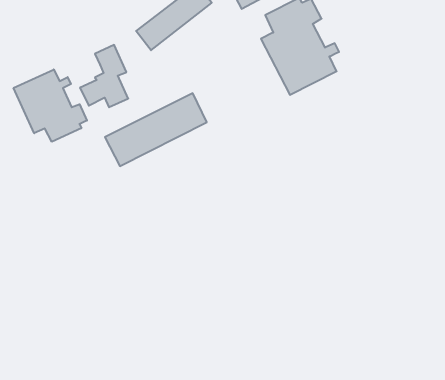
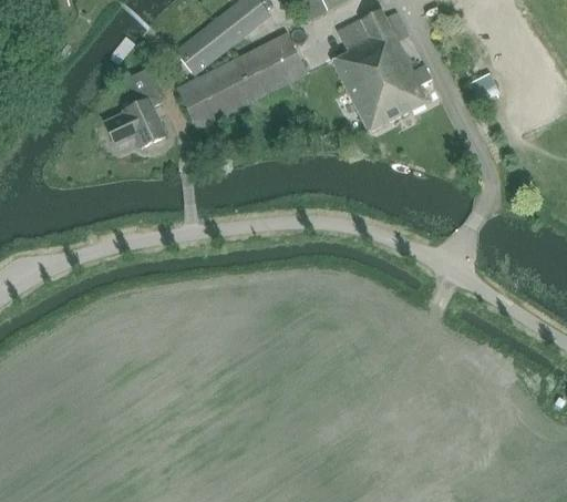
building: [14,69,87,142] -> none
building: [105,93,207,166] -> [178,34,307,126]

